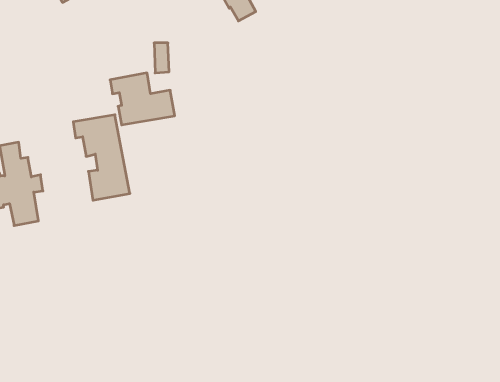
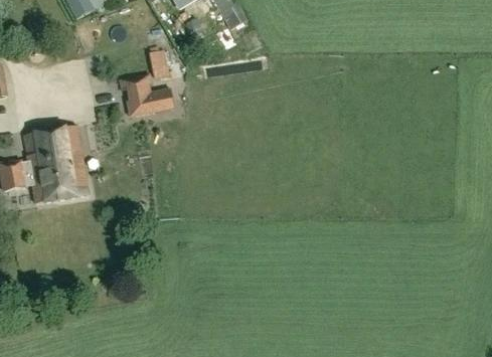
building: [73,115,130,200] -> [39,129,89,203]

